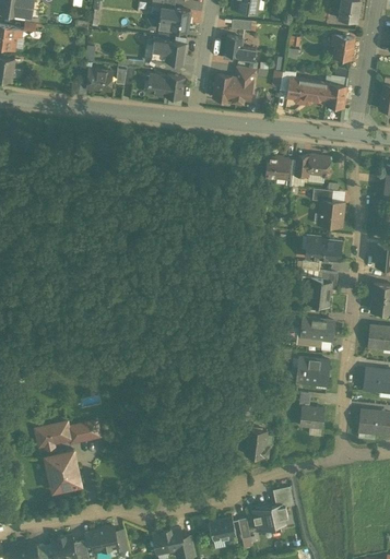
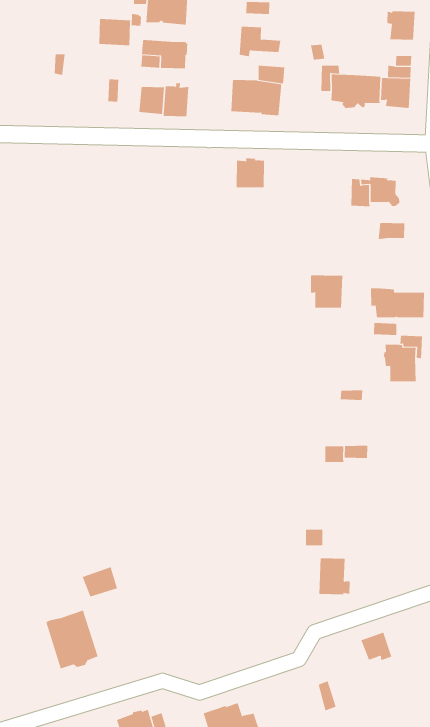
building: [86,69,111,91] -> [98,18,131,46]
building: [265,156,288,179] -> [236,158,265,188]
building: [319,201,344,227] -> [310,275,343,308]
building: [300,318,333,341] -> none
building: [296,357,329,385] -> none
building: [299,405,324,428] -> none
building: [36,423,71,455] -> none
building: [251,503,287,531] -> none
building: [209,515,236,540] -> none

